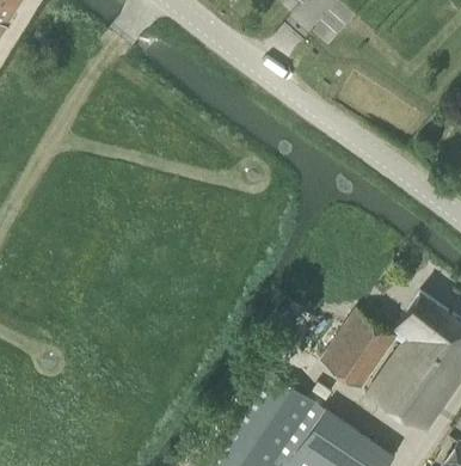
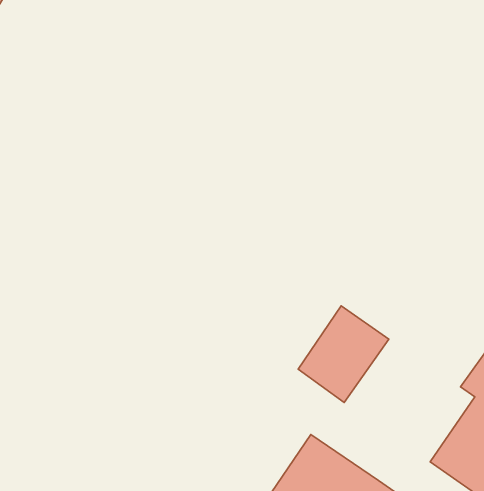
building: [322,308,398,388] -> [298,306,389,402]

